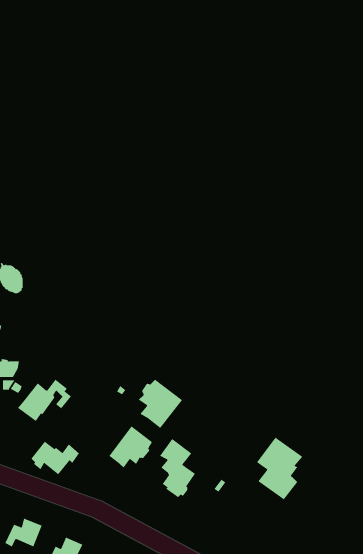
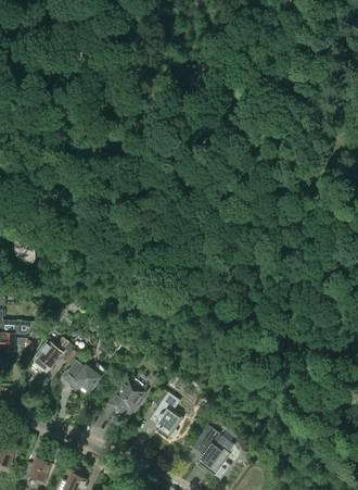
building: [138,379,183,429] -> none
building: [256,437,303,500] -> [195,427,235,481]
building: [31,441,80,475] -> [65,361,107,390]

